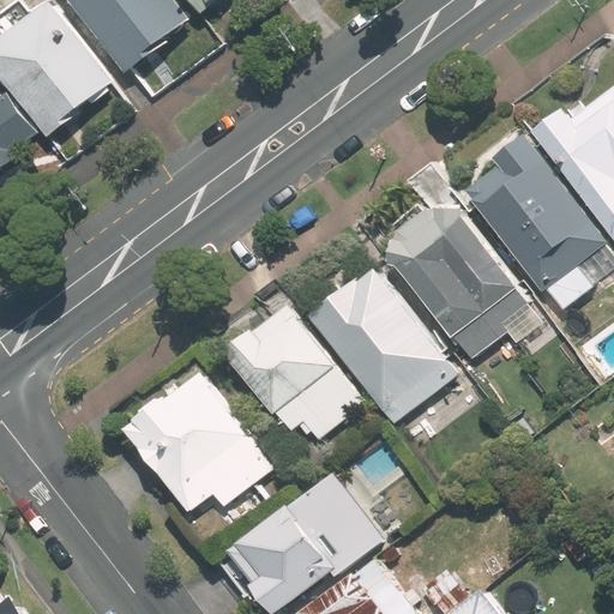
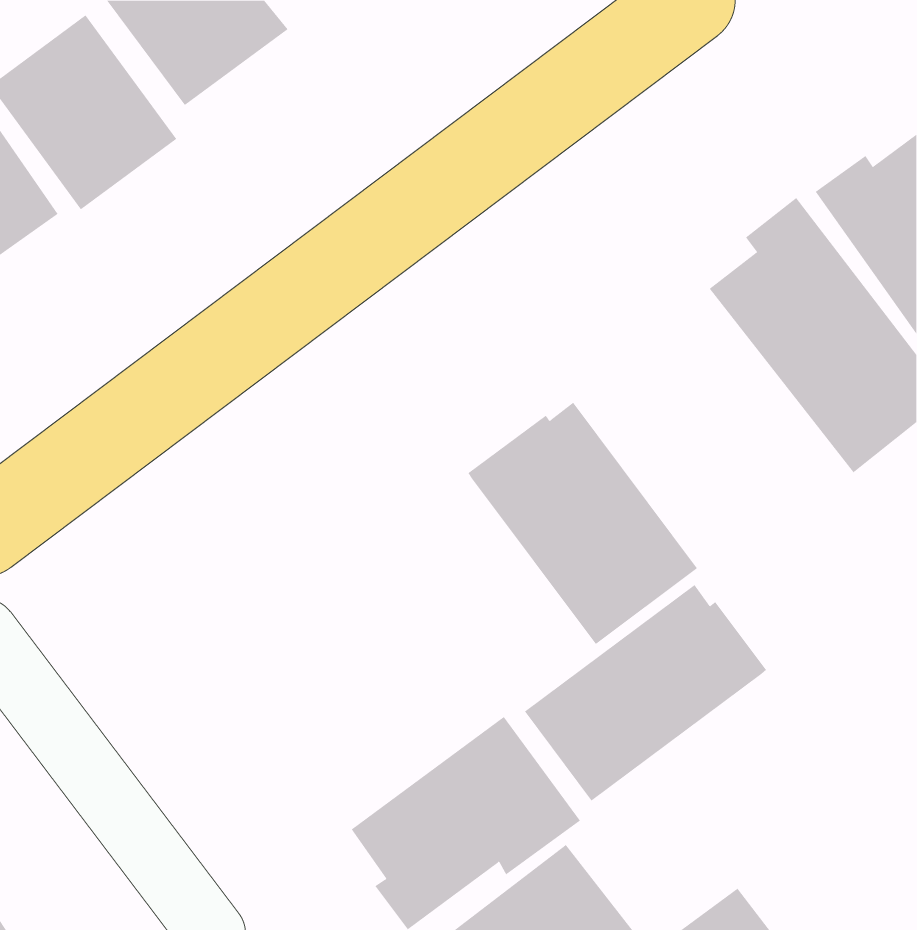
building: [392,205,547,360] -> none
building: [224,303,360,438] -> none
building: [118,367,270,513] -> none
building: none -> [524,584,767,802]

